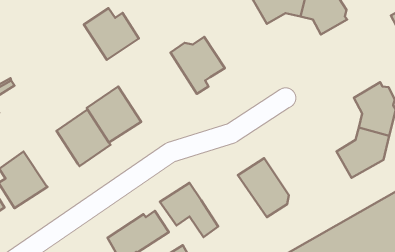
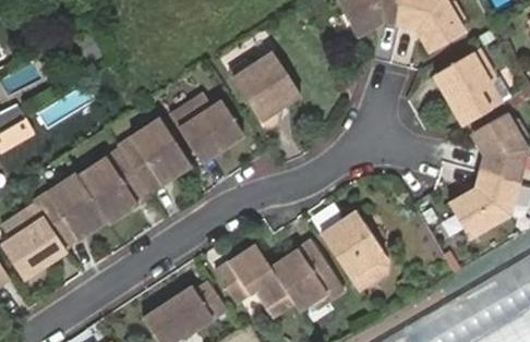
building: [84,8,139,60] -> [169,93,242,161]
building: none -> [435,49,503,125]
building: none -> [34,173,106,248]
building: none -> [269,240,345,312]

